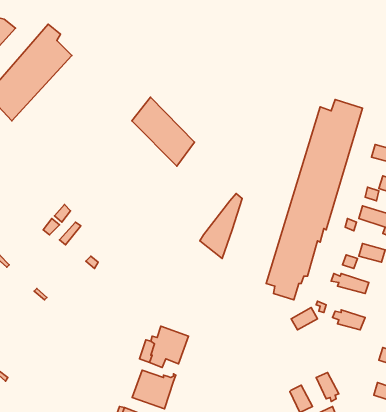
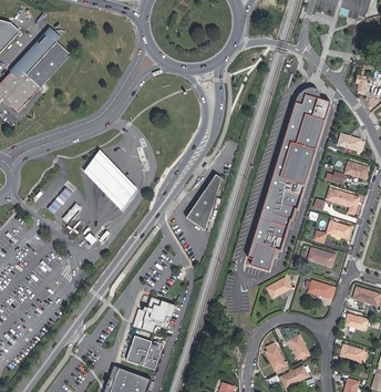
building: [132,97,195,166] -> [84,149,140,210]

